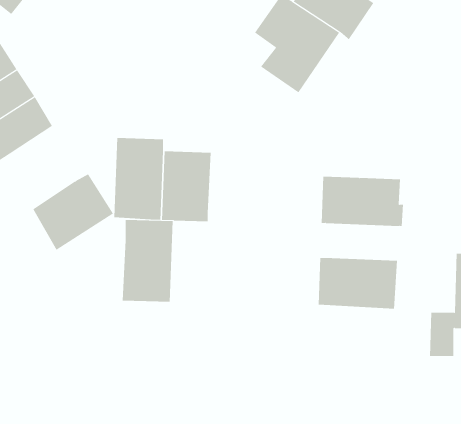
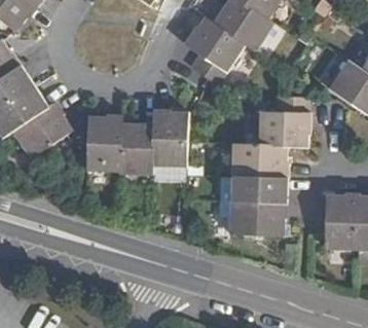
building: none -> [259,97,309,145]
building: [32,174,114,250] -> [16,102,73,155]
building: [122,219,174,302] -> [154,111,190,169]
building: none -> [234,175,287,201]

